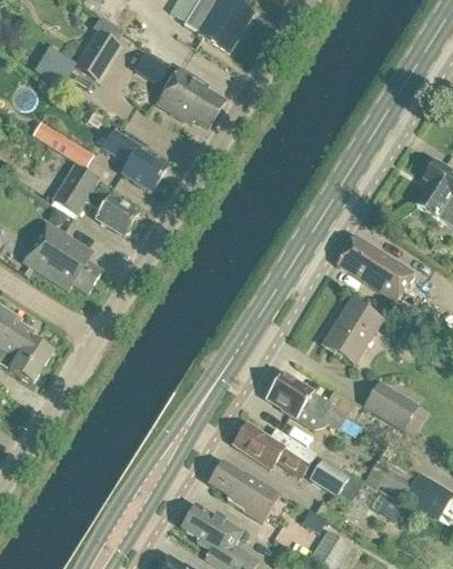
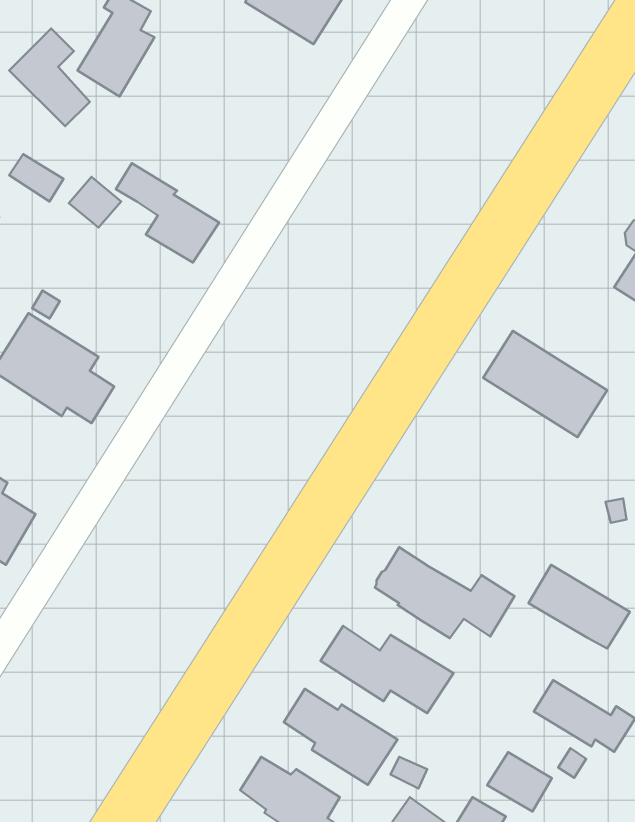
building: [157,67,222,127] -> none
building: [51,164,137,233] -> none
building: [321,299,383,365] -> none
building: [309,458,350,496] -> [487,752,552,811]

